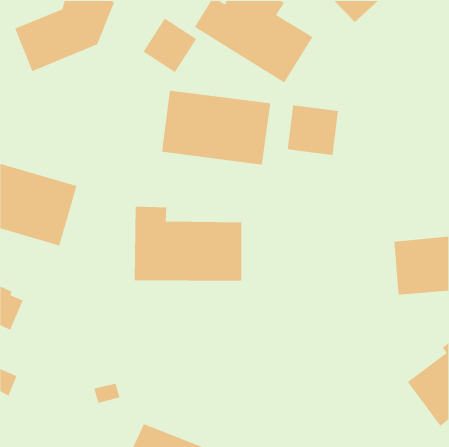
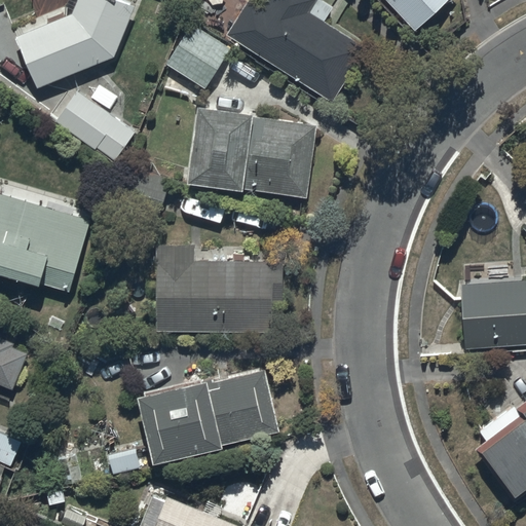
building: none -> [55,90,135,162]
building: [287,105,339,156] -> none
building: none -> [140,369,280,461]

